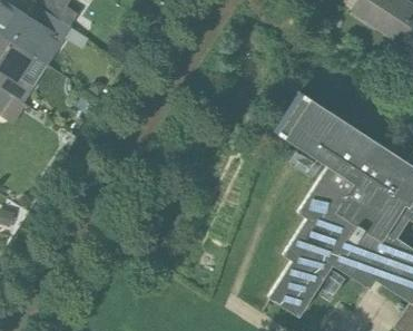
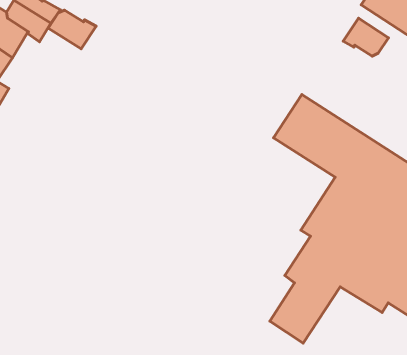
building: none -> [48,10,96,49]
building: none -> [343,18,389,56]

